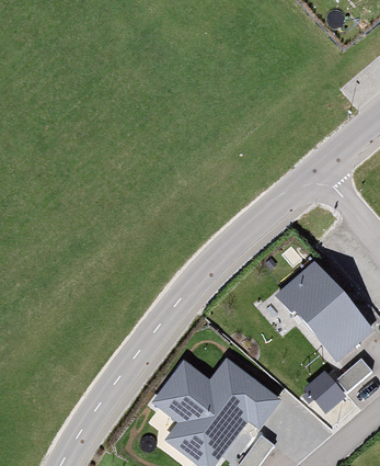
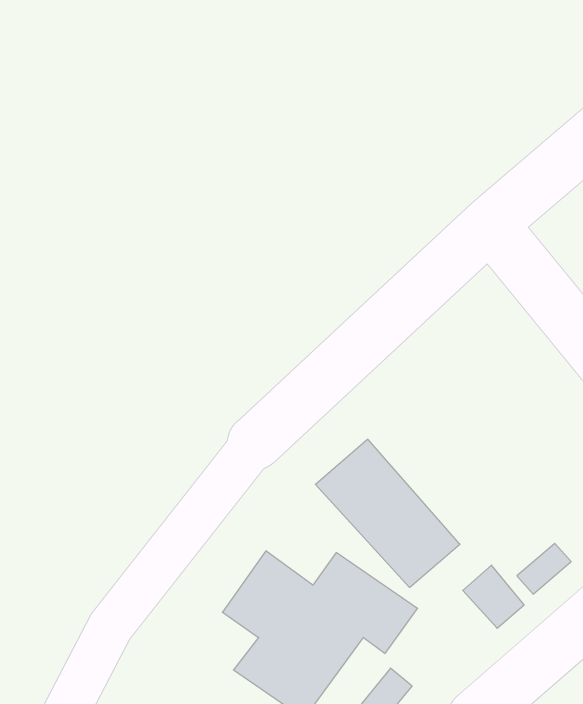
building: [280,265,368,355] -> [315,439,460,587]

